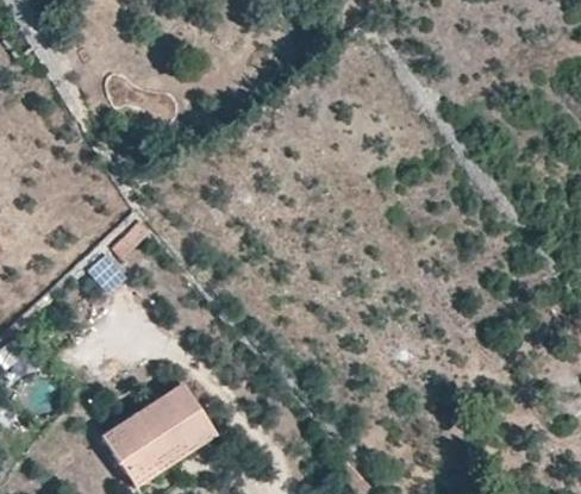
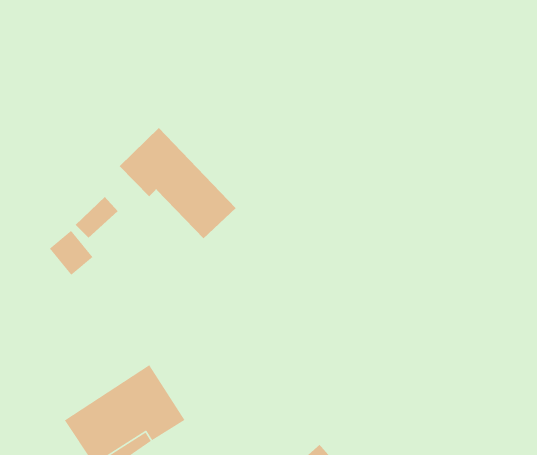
building: none -> [119,127,236,239]

